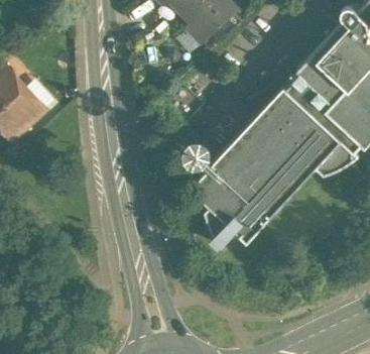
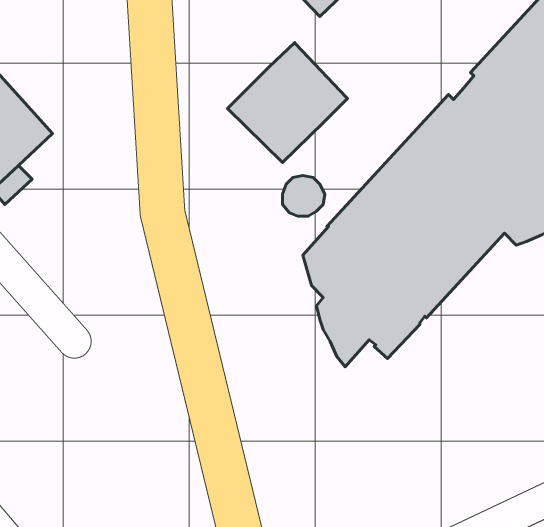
building: none -> [228,43,347,163]

